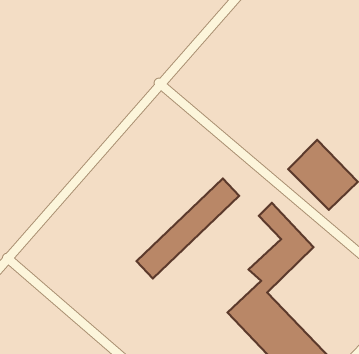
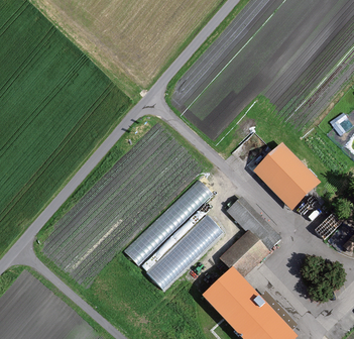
building: none -> [146,215,224,291]

